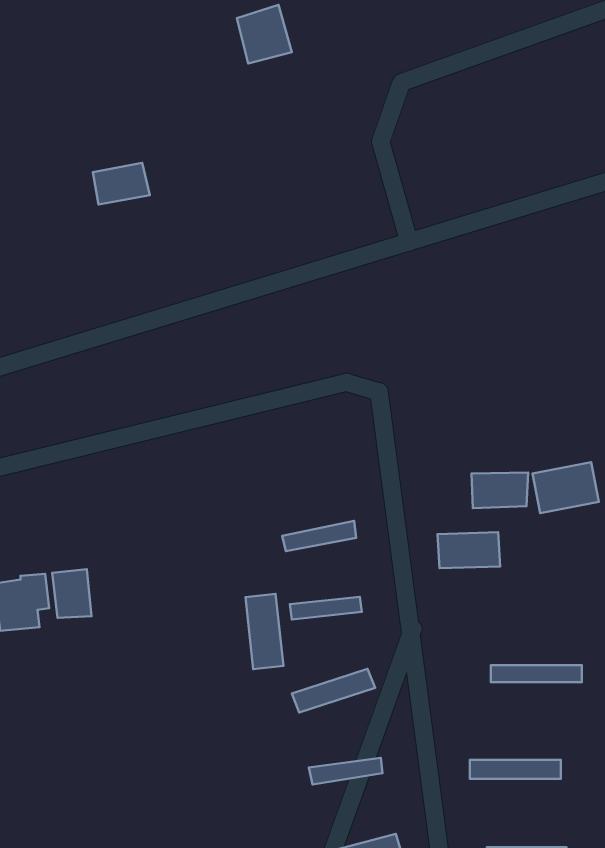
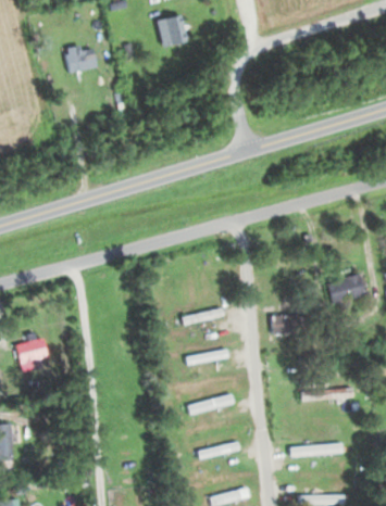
building: [93,163,150,205] -> [64,48,97,72]
building: [472,473,528,508] -> none
building: [52,569,91,618] -> none
building: [245,594,283,669] -> none

